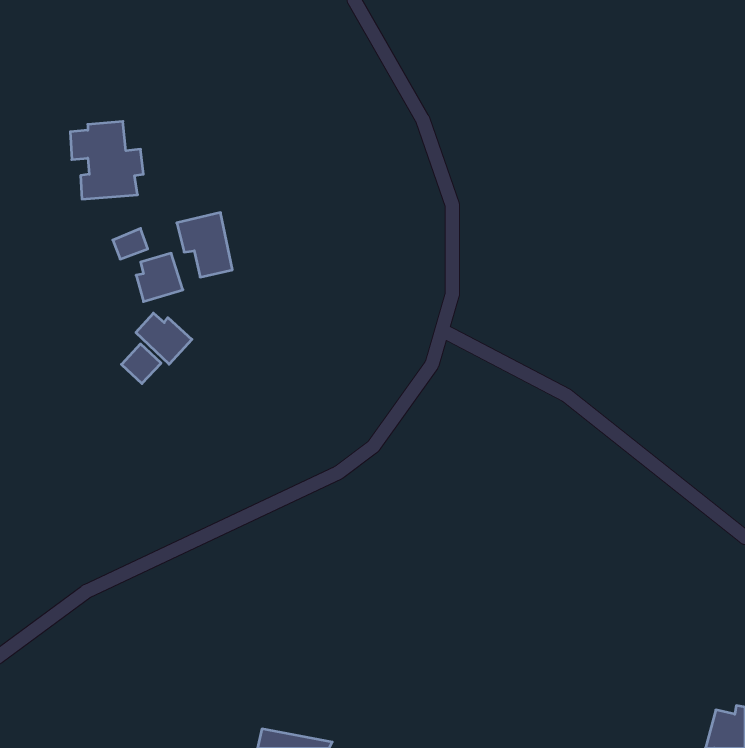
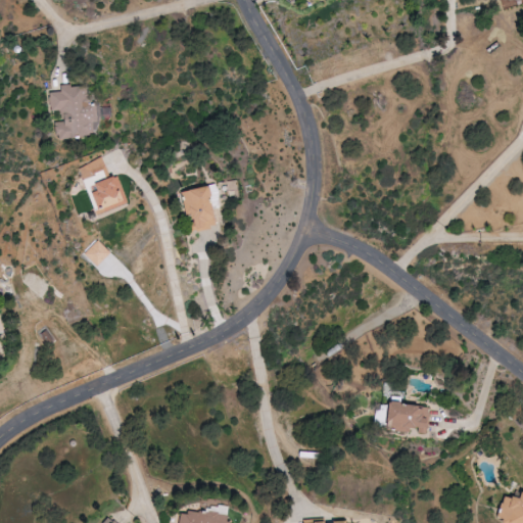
building: [177,213,232,277] -> [181,186,220,231]
building: [136,313,192,364] -> none
building: none -> [380,402,426,434]

